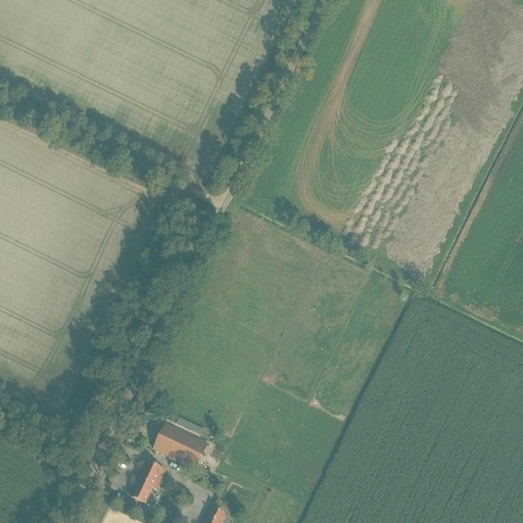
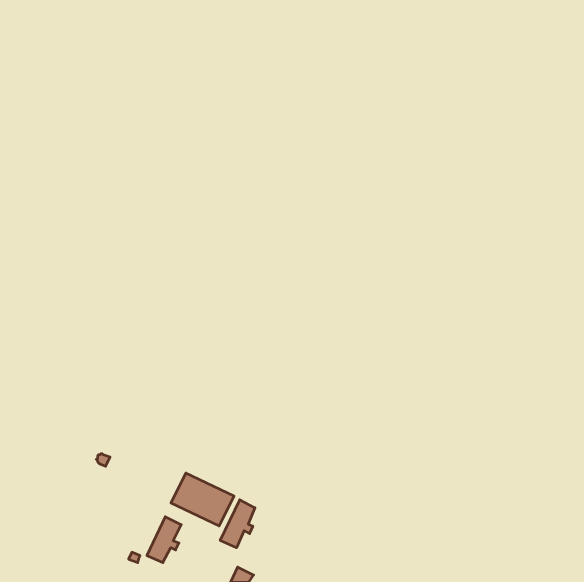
building: none -> [220,500,255,548]

